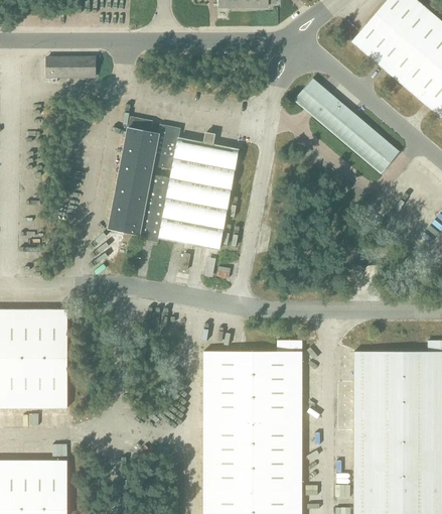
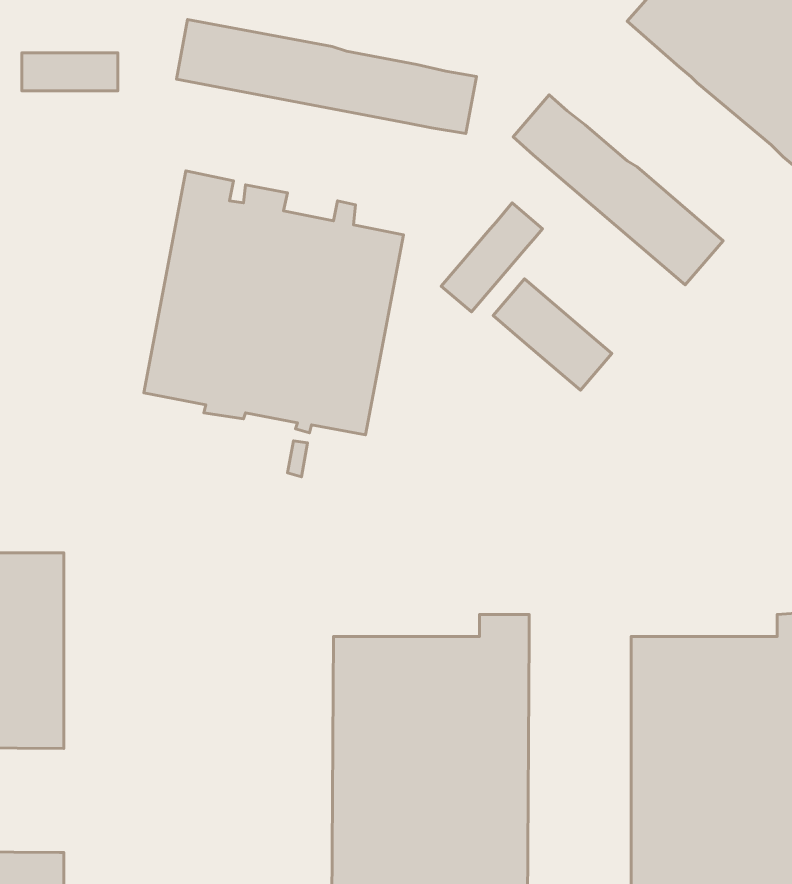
building: none -> [176,19,477,133]
building: none -> [441,203,542,312]
building: none -> [493,279,612,390]

